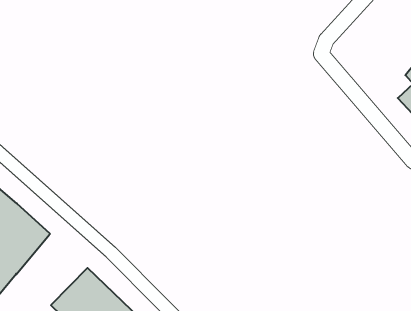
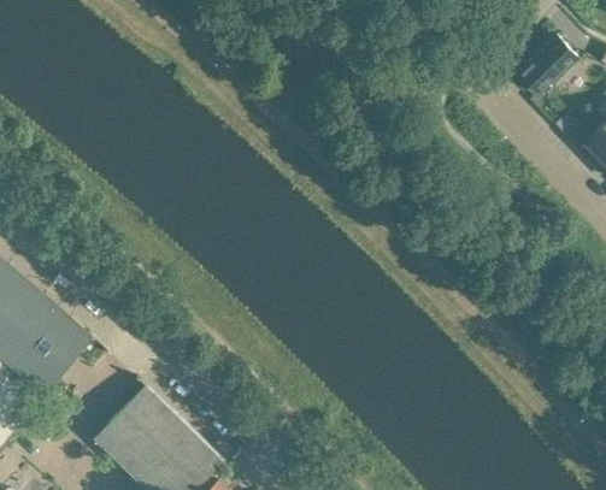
building: none -> [516,36,577,96]

